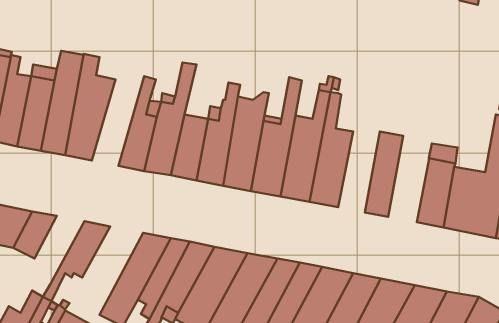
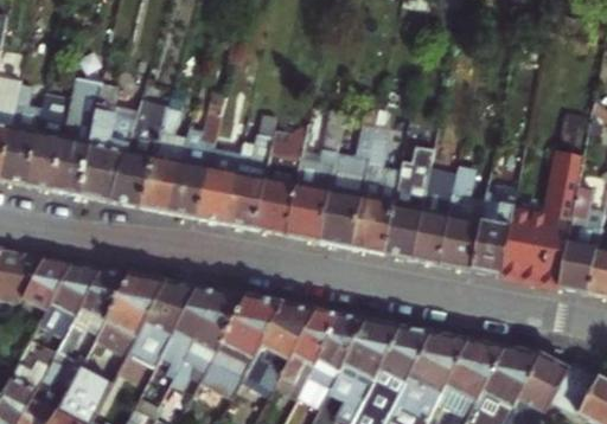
building: none -> [111,99,170,206]
building: none -> [385,144,435,258]
building: none -> [441,163,486,269]
building: none -> [39,262,103,338]
building: none -> [96,274,168,356]

